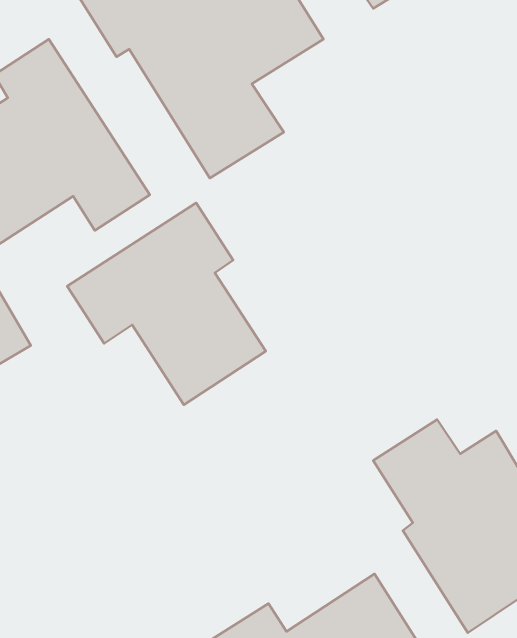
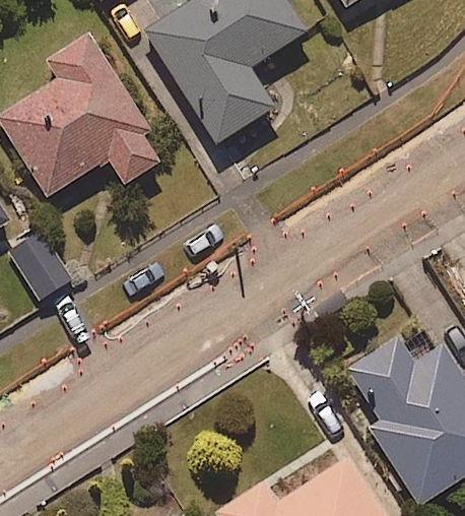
building: [67,203,266,405] -> none

